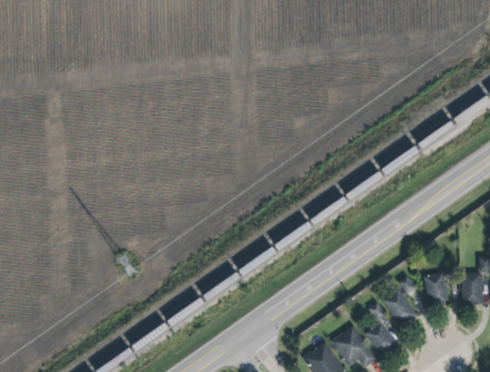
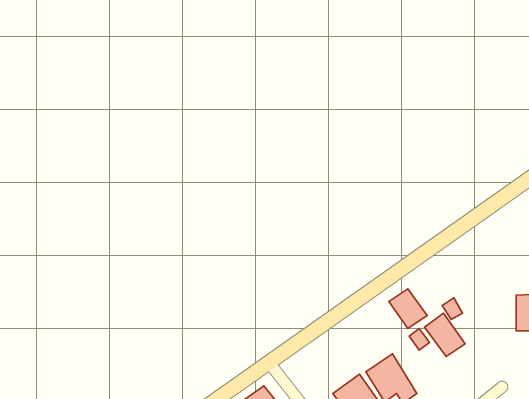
building: [423,273,449,306] -> none
building: [366,324,399,359] -> [389,289,427,328]

